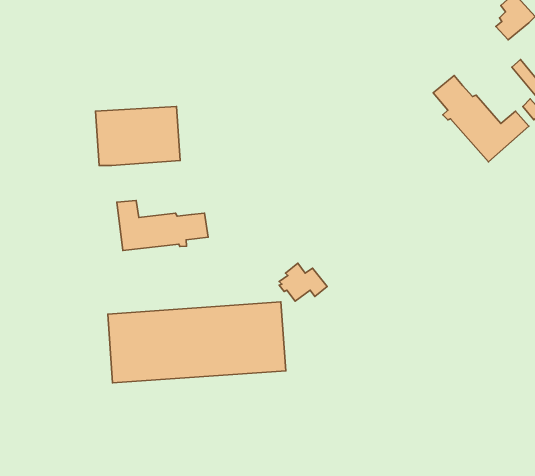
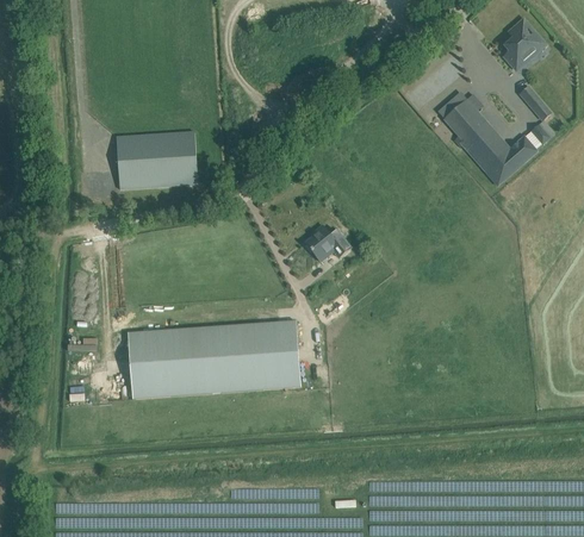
building: [117,200,208,250] -> none
building: [279,263,327,301] -> [304,224,350,261]

